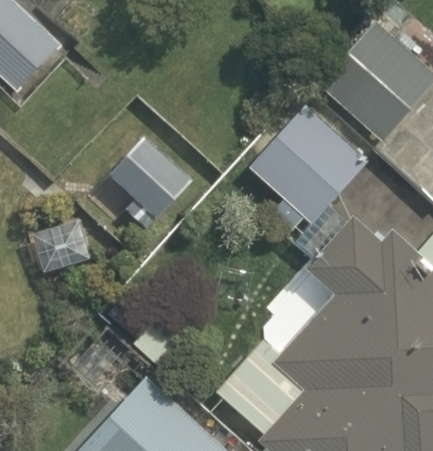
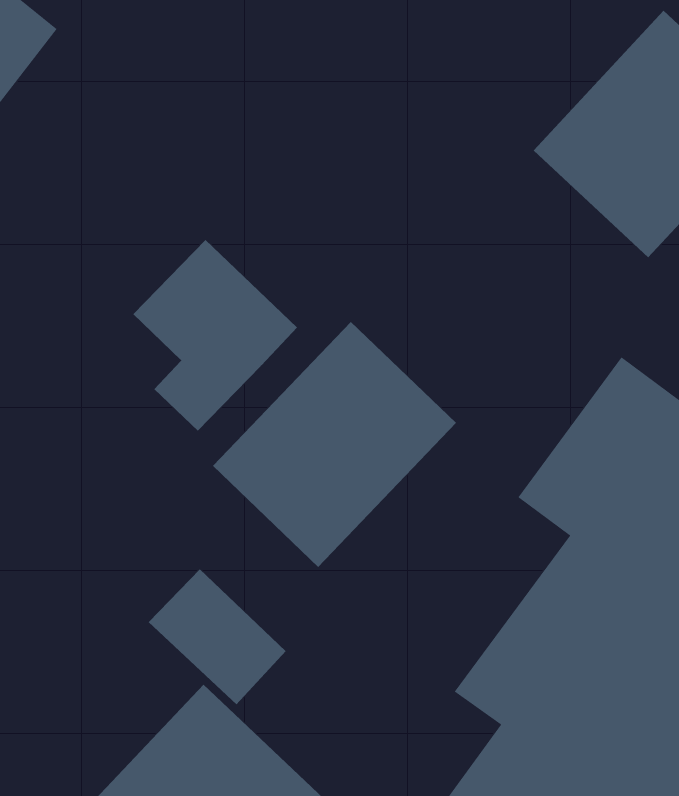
building: [247,98,369,220] -> none
building: none -> [212,321,457,568]

